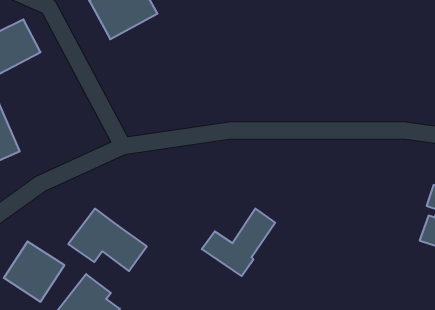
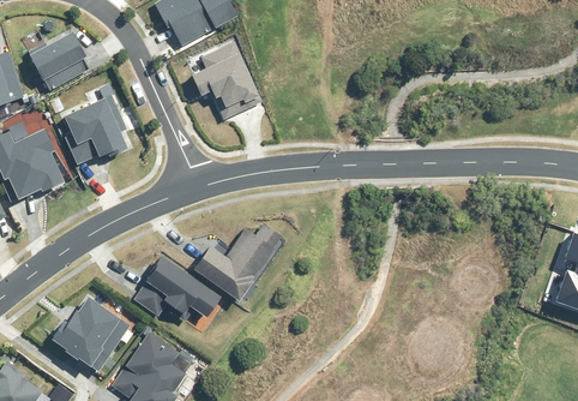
building: none -> [186,47,255,116]
building: none -> [58,91,133,167]
building: [202,209,275,276] -> [194,217,283,299]

